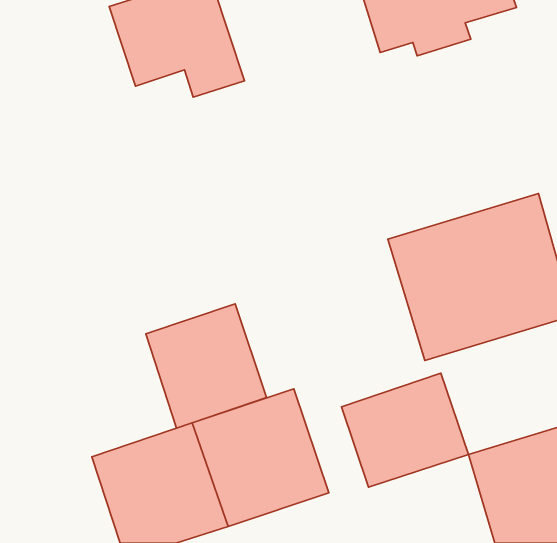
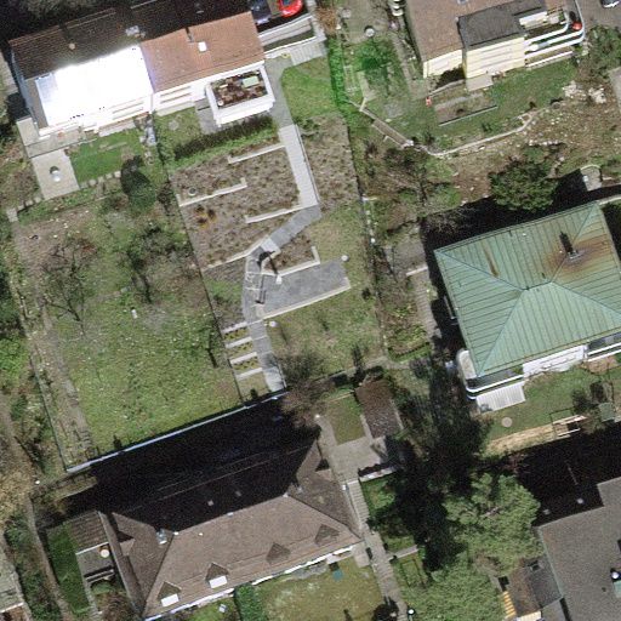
building: none -> [12,7,152,131]
building: [146,304,267,428] -> none
building: [342,373,469,487] -> none

